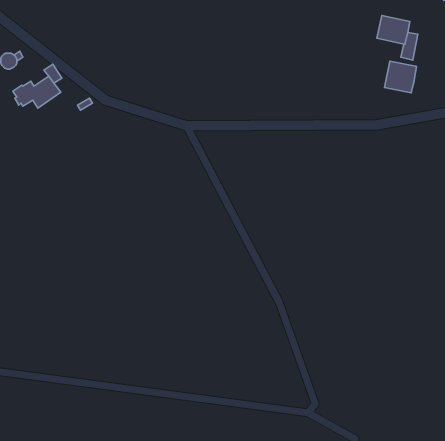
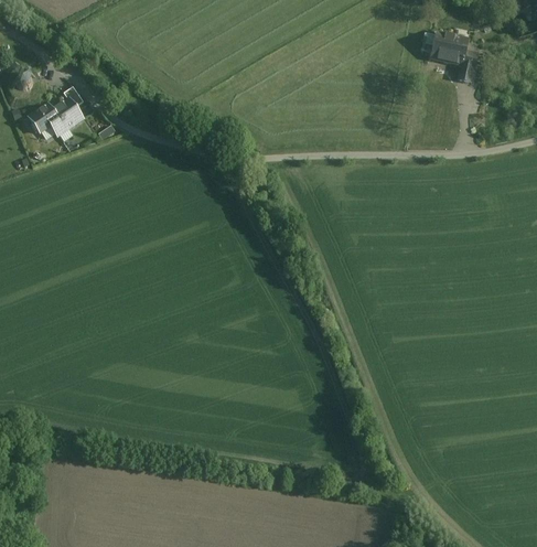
building: [385,61,416,93] -> none

